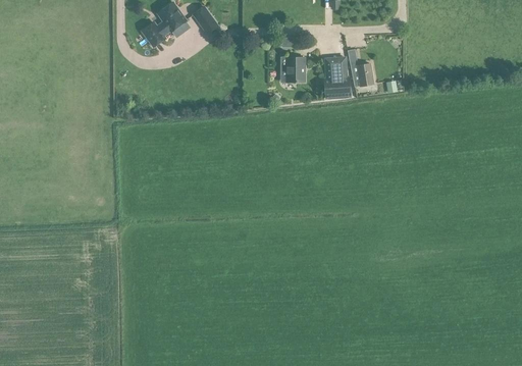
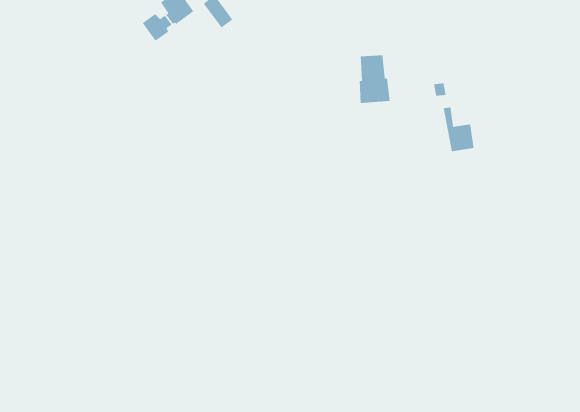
building: [348,49,374,87] -> [443,107,474,152]
building: [281,57,305,82] -> none

